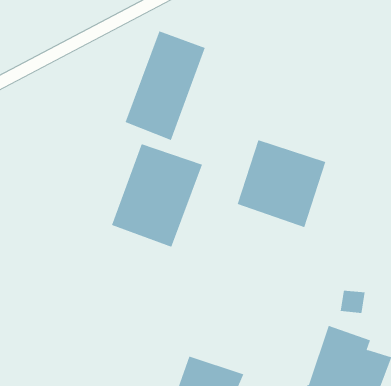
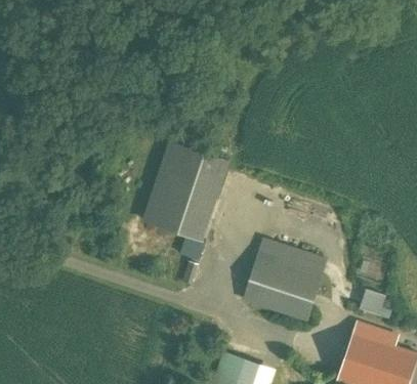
building: [125,30,205,141] -> none
building: [237,139,326,228] -> [240,237,326,322]

